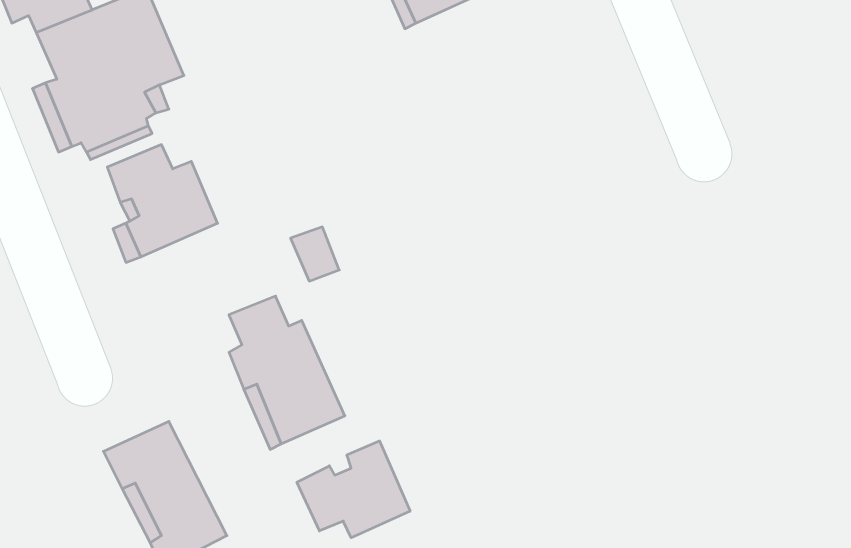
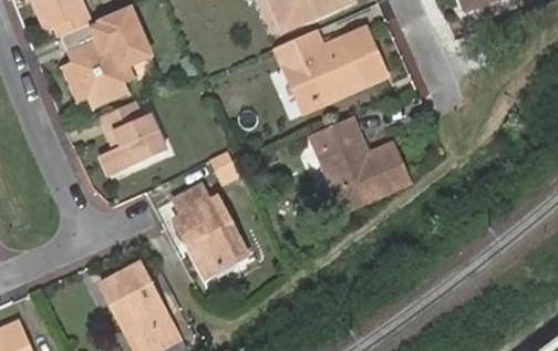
building: none -> [278,31,384,107]
building: none -> [312,117,411,205]
building: [297,441,410,538] -> none

